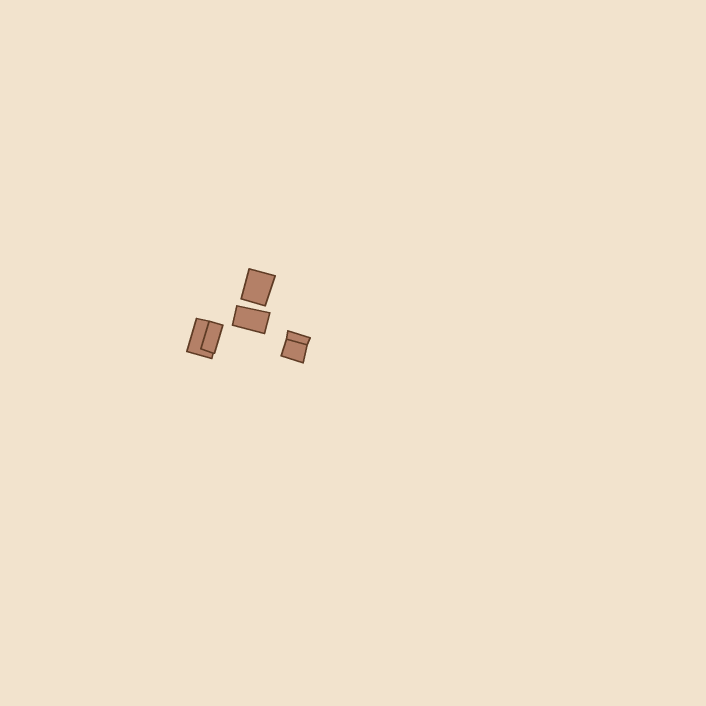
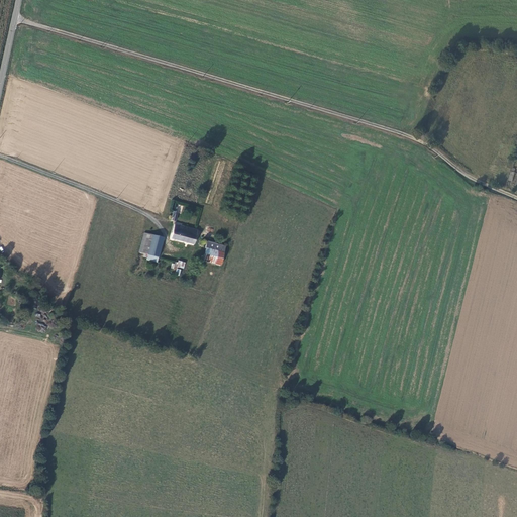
building: [241,269,275,306] -> none

